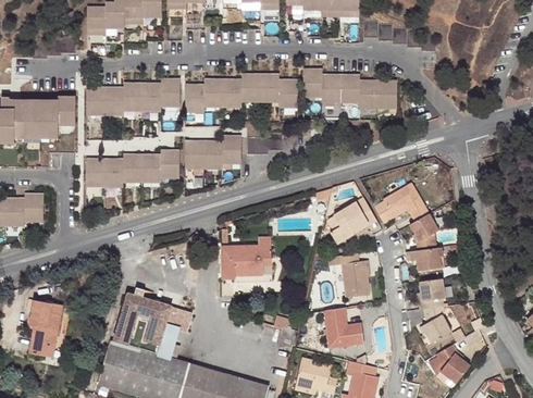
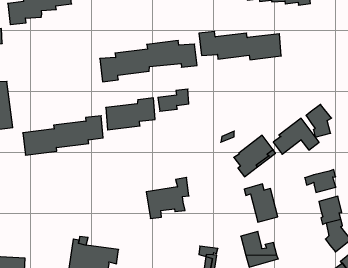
building: [86,79,179,114] -> none
building: [409,213,438,250] -> [306,104,332,137]

